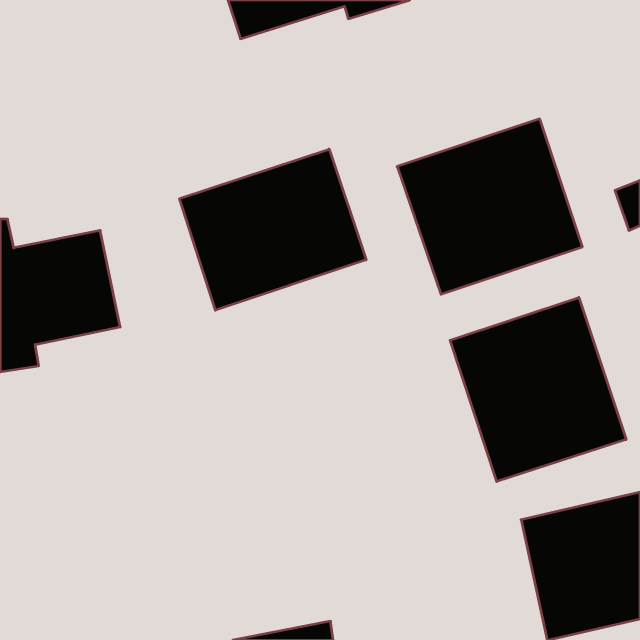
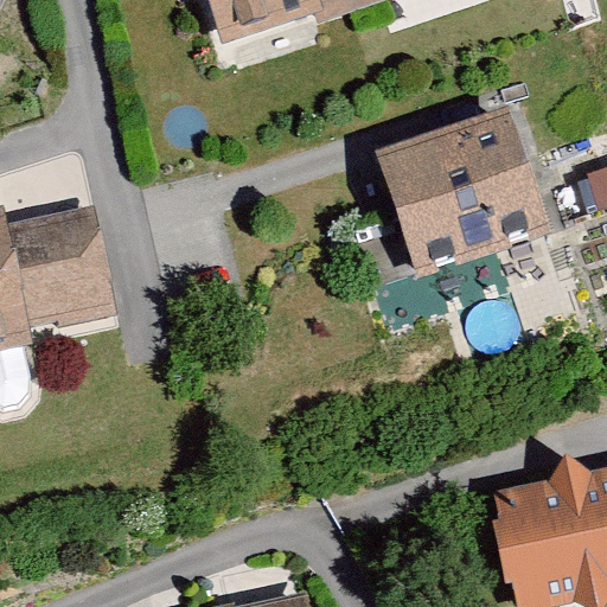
building: [180,149,366,310] -> none
building: [450,297,626,482] -> none

